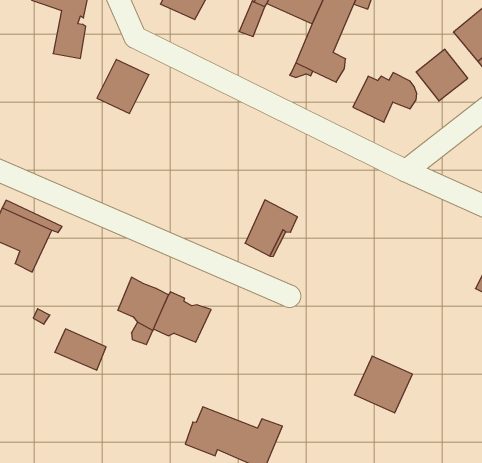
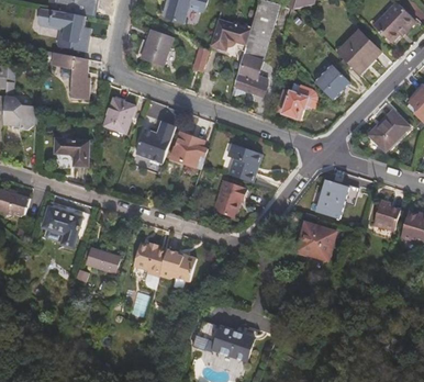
building: none -> [133,120,176,165]
building: none -> [55,139,88,166]
building: none -> [170,133,207,169]
building: none -> [227,144,261,182]
building: none -> [317,180,347,217]
building: [55,329,106,370] -> [86,248,120,273]
building: [354,356,412,413] -> [297,222,334,258]

